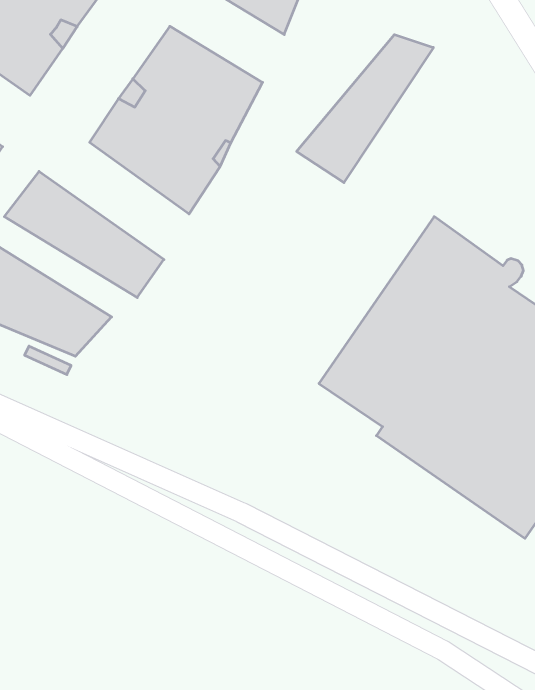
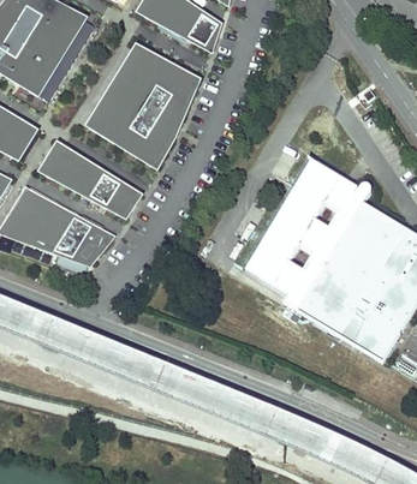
building: [297,35,433,183] -> none

